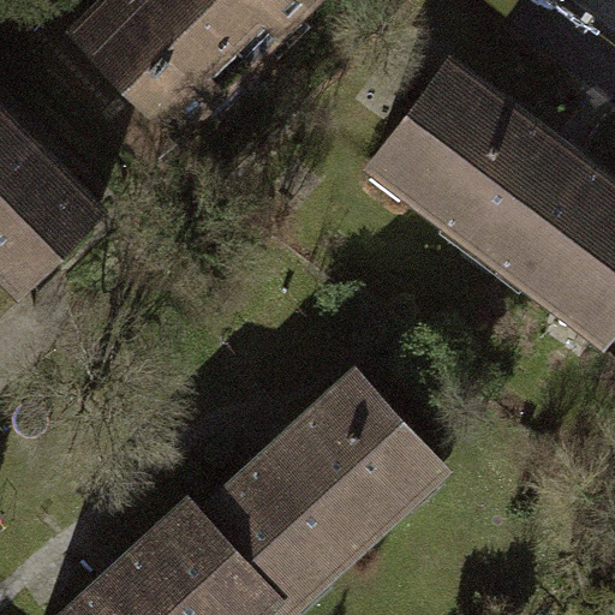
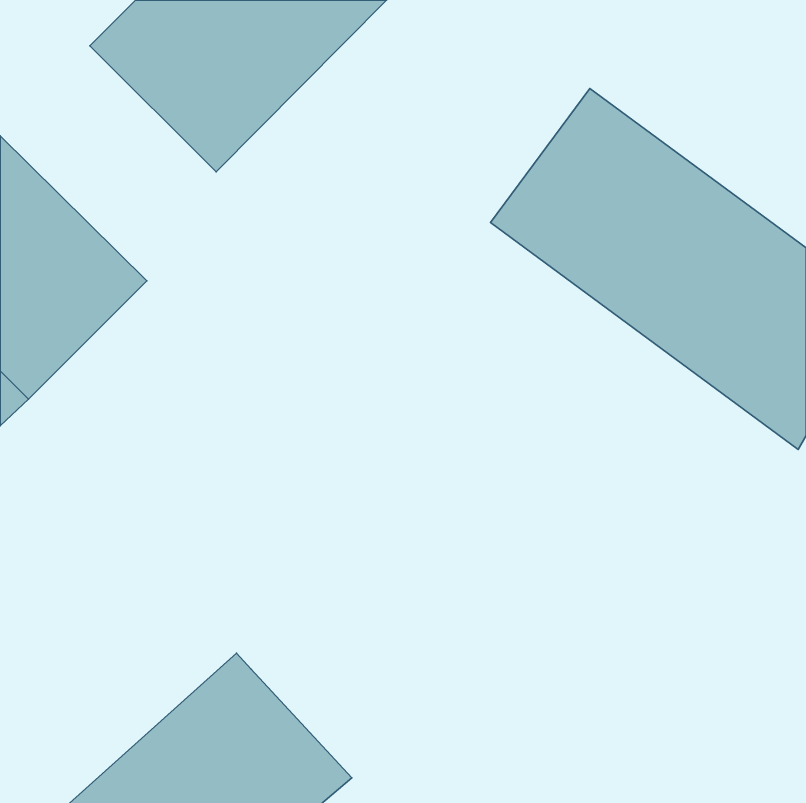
building: [191,368,437,608] -> none

